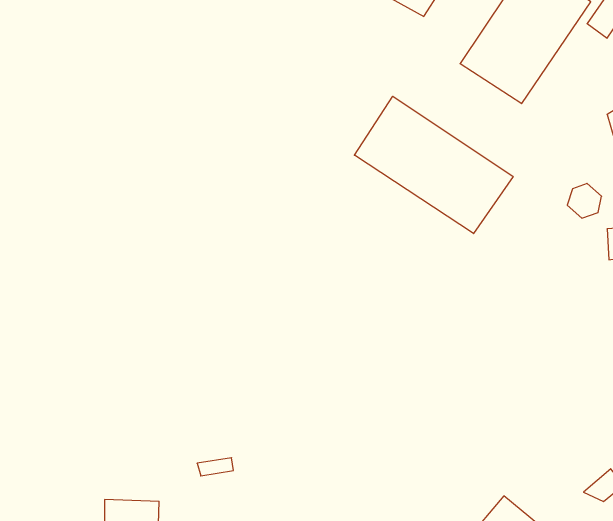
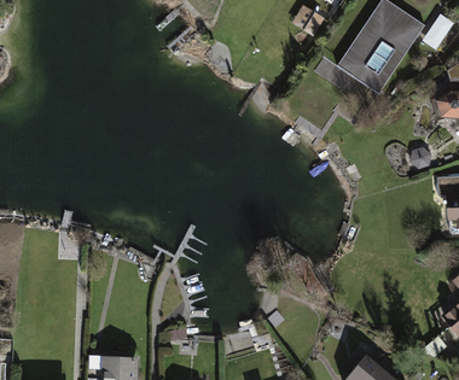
building: [354,96,513,234] -> none

